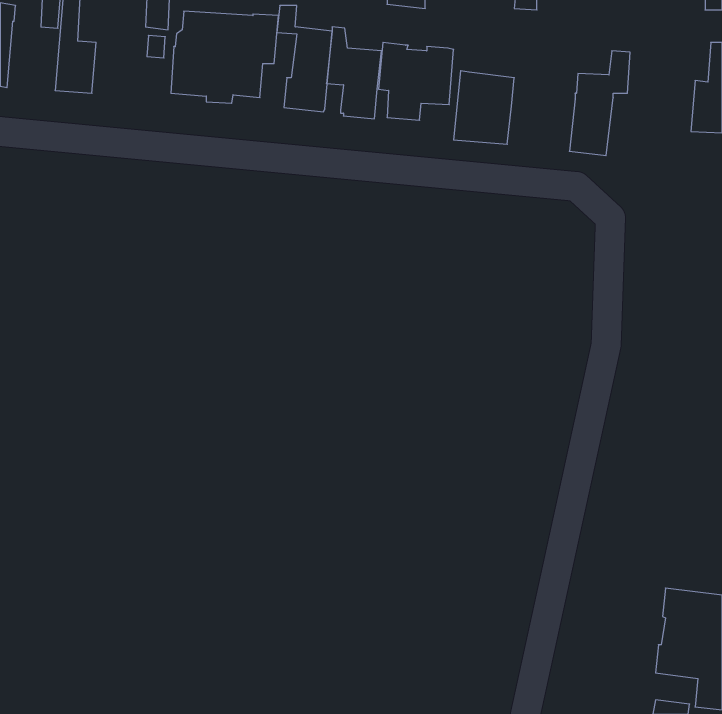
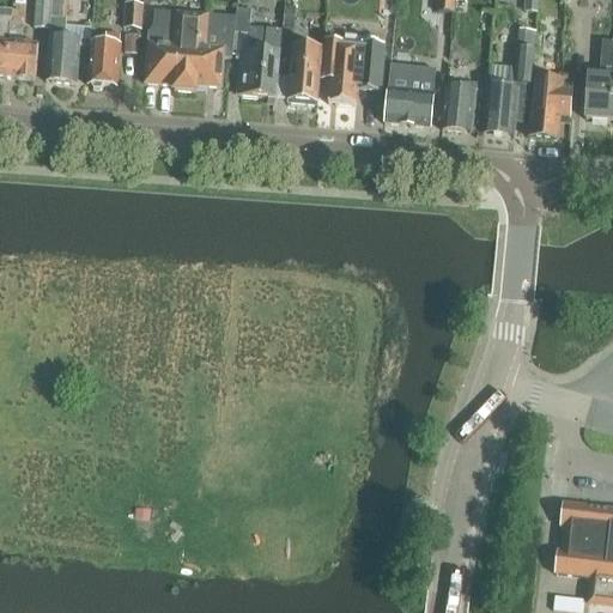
building: none -> [6,18,38,77]
building: none -> [89,28,121,83]
building: none -> [530,69,573,136]
building: none -> [442,77,487,128]

